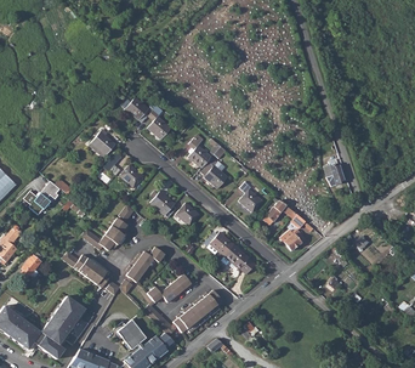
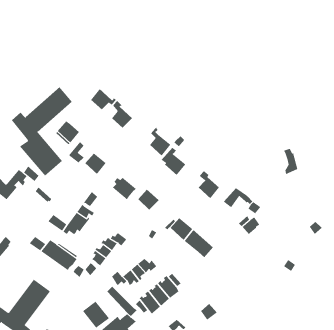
building: none -> [11,87,73,177]

